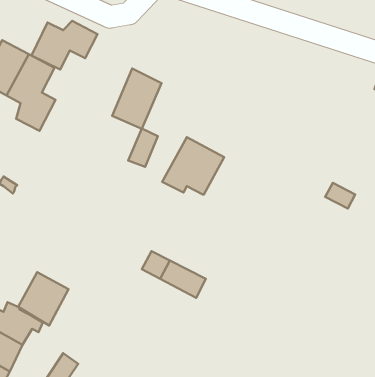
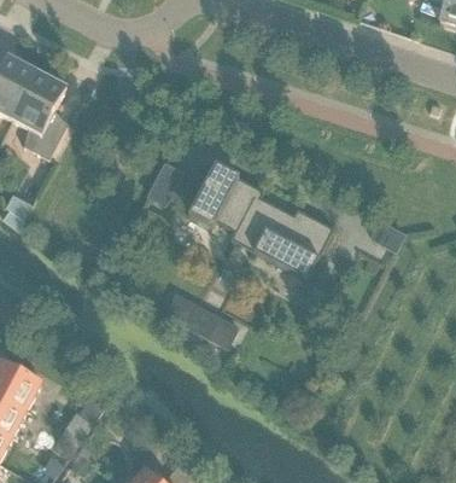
building: [32,21,98,70] -> none
building: [112,68,162,129] -> none
building: none -> [230,187,334,278]
building: [18,272,69,325] -> none

